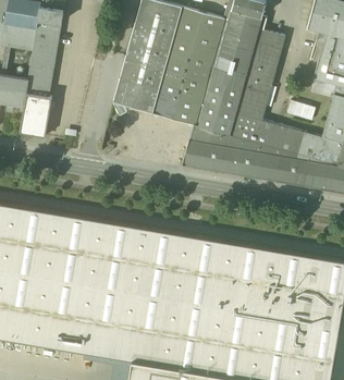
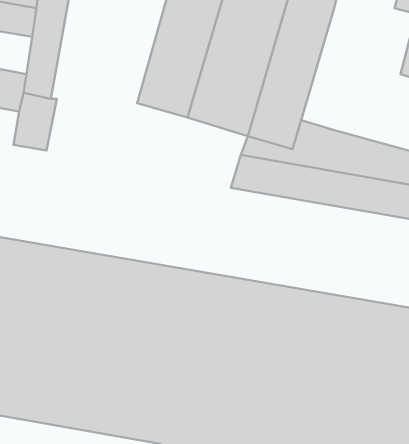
building: [236,30,287,123] -> none

